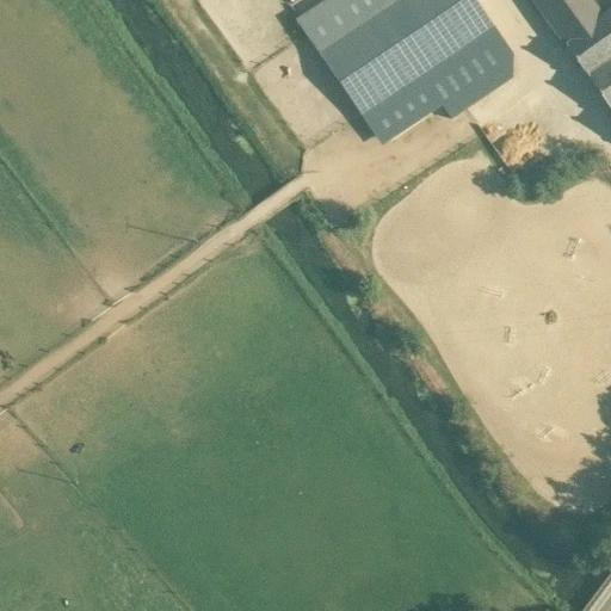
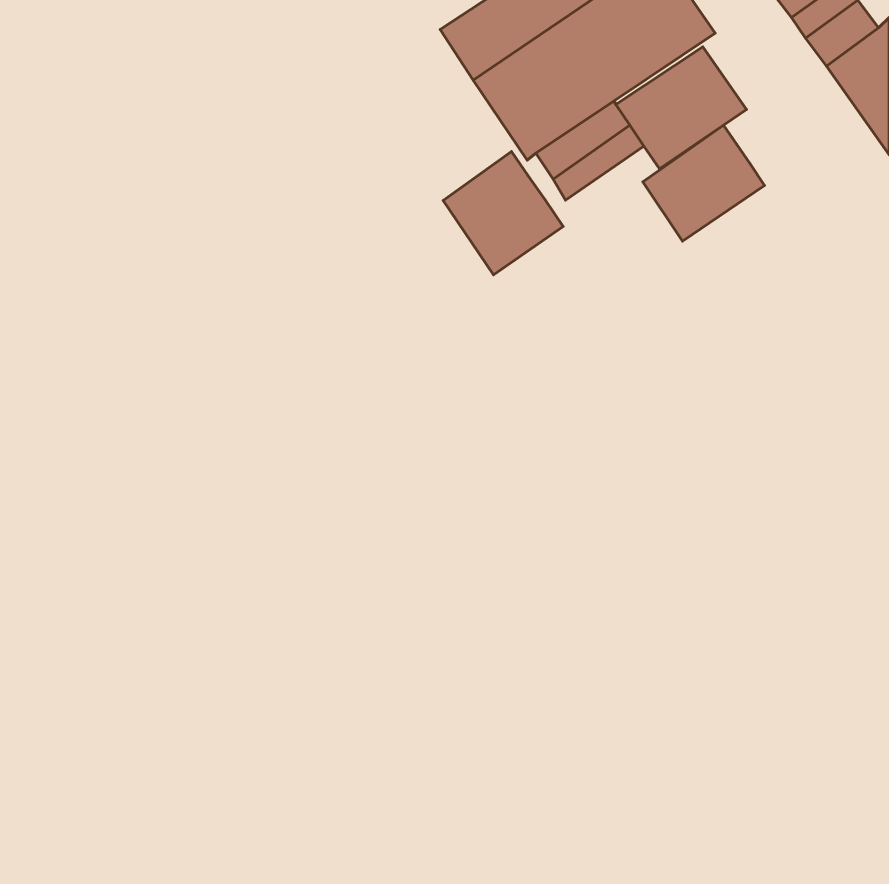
building: none -> [643,125,765,241]
building: none -> [443,152,563,275]

